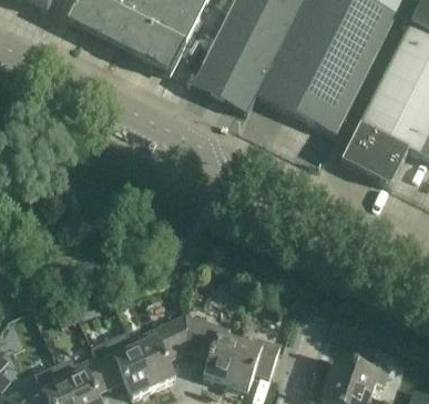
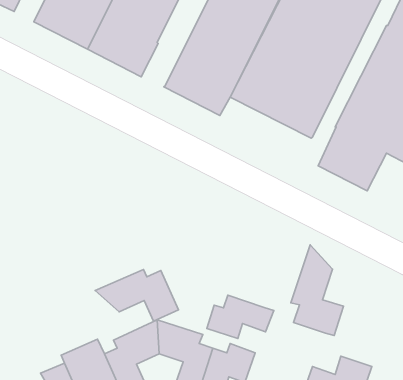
building: none -> [291,245,343,335]
building: none -> [95,270,179,321]
building: none -> [207,295,274,338]

